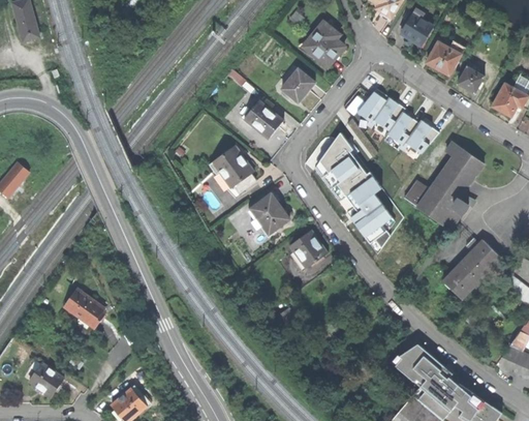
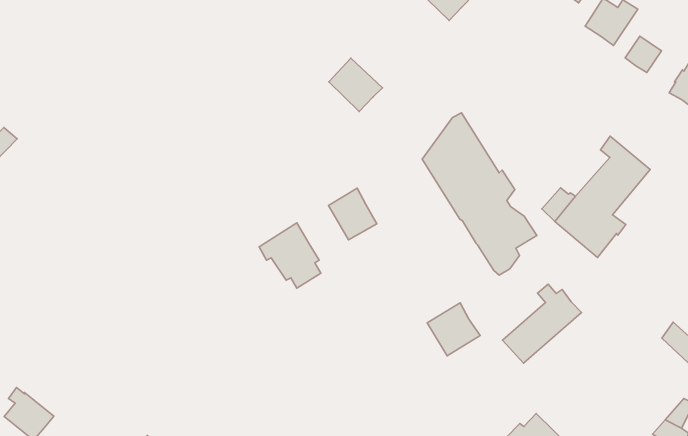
building: [281,68,313,101] -> none
building: [359,87,439,159] -> none
building: [209,145,255,192] -> [259,223,321,288]
building: [288,229,328,268] -> [427,303,480,356]
building: [444,238,500,297] -> [502,284,582,363]
building: [64,289,103,325] -> none

